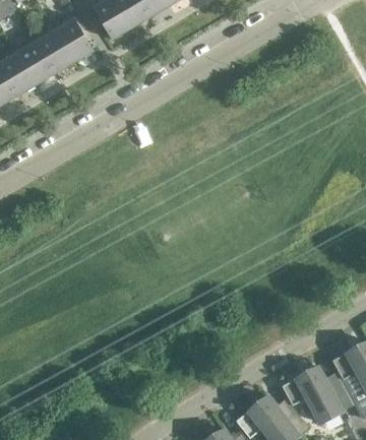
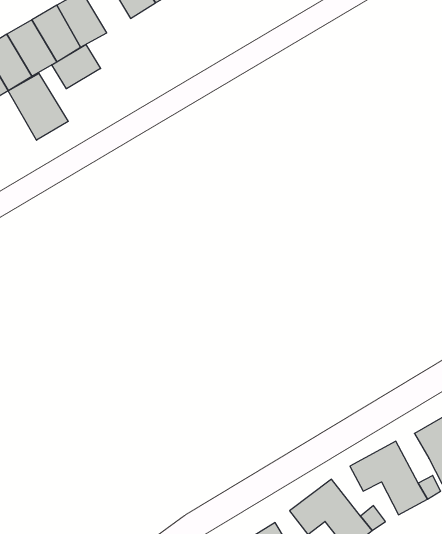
building: none -> [52,45,101,89]
building: none -> [8,73,68,140]

